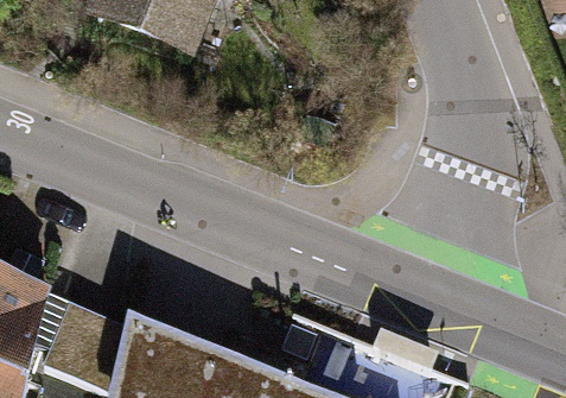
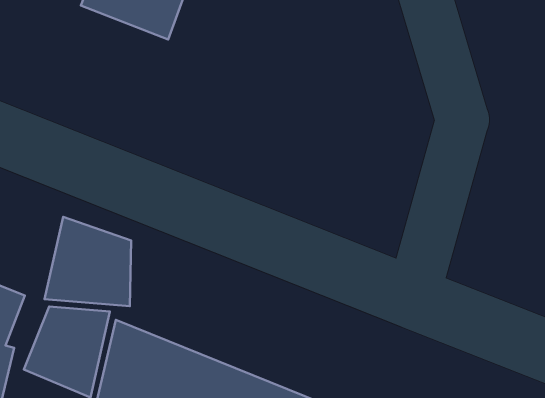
building: none -> [45,217,131,306]

